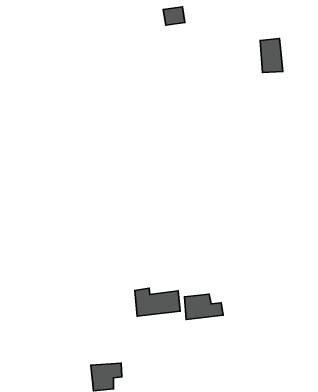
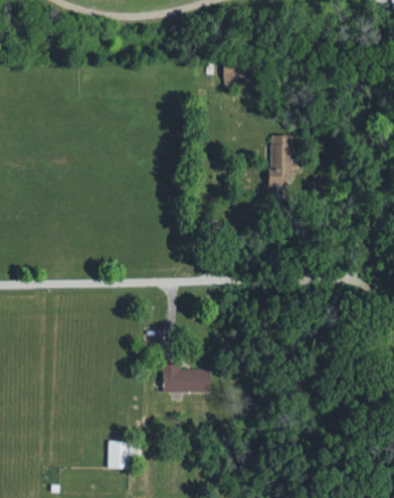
building: [260,39,283,73] -> [270,136,292,172]
building: [184,294,223,319] -> none

